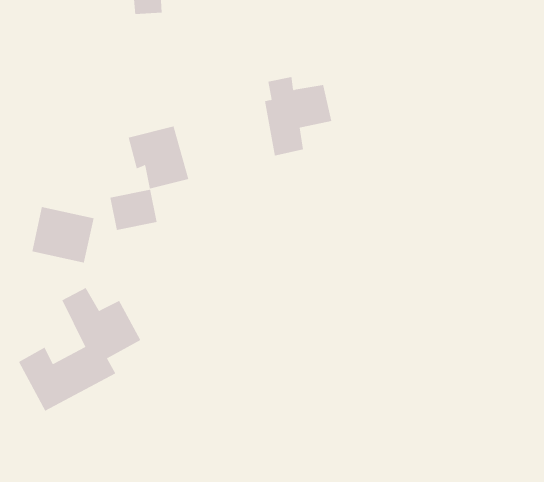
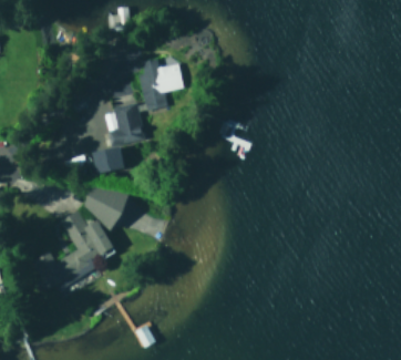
building: [264,76,332,156] -> [138,59,184,112]
building: [31,207,94,263] -> [83,186,125,224]

